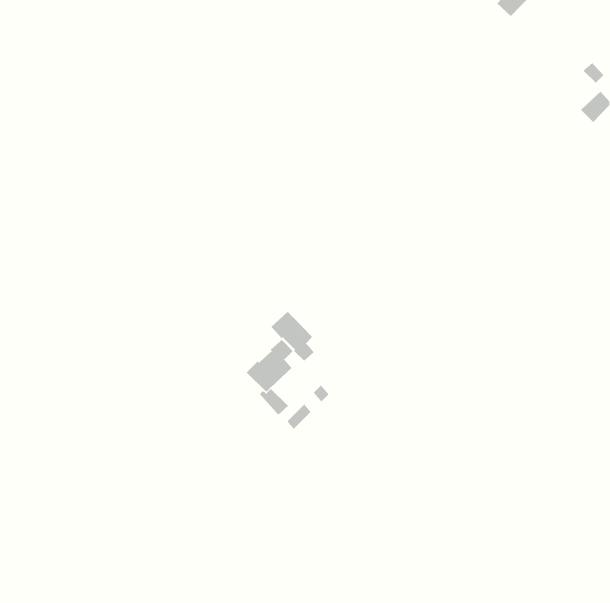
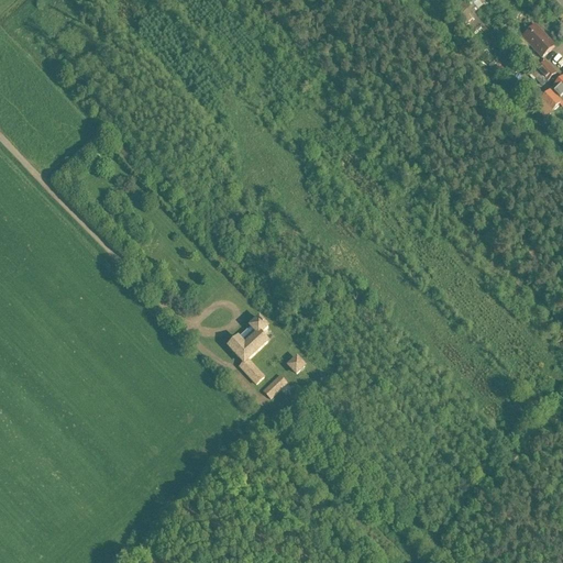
building: none -> [512,20,555,55]
building: [270,311,315,362] -> none

